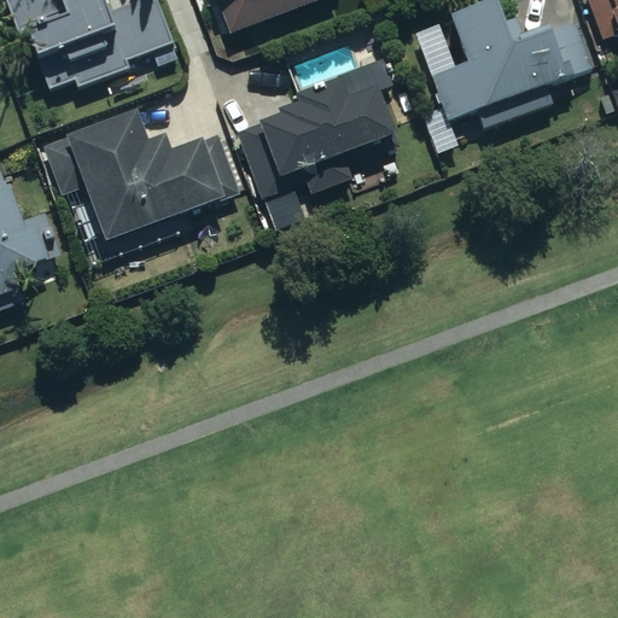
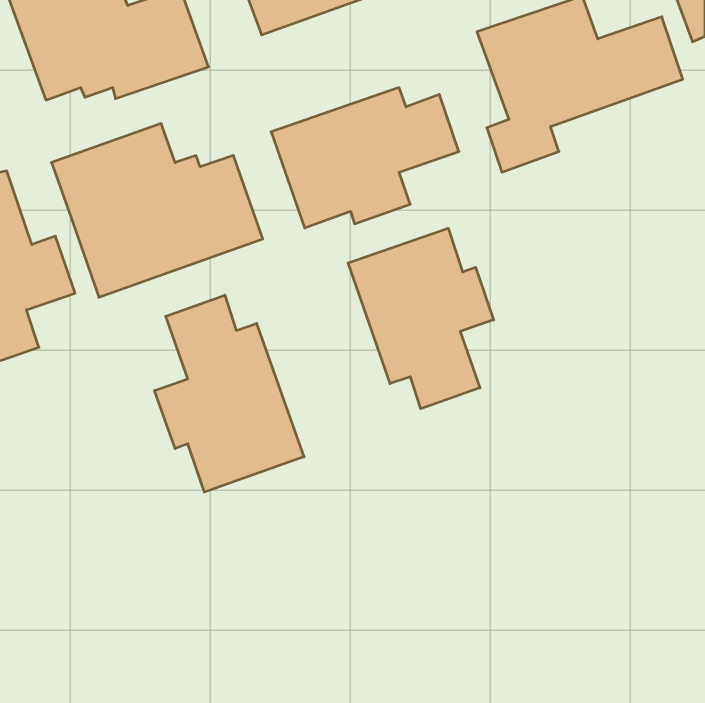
building: none -> [348,228,494,409]
building: none -> [155,295,304,492]

